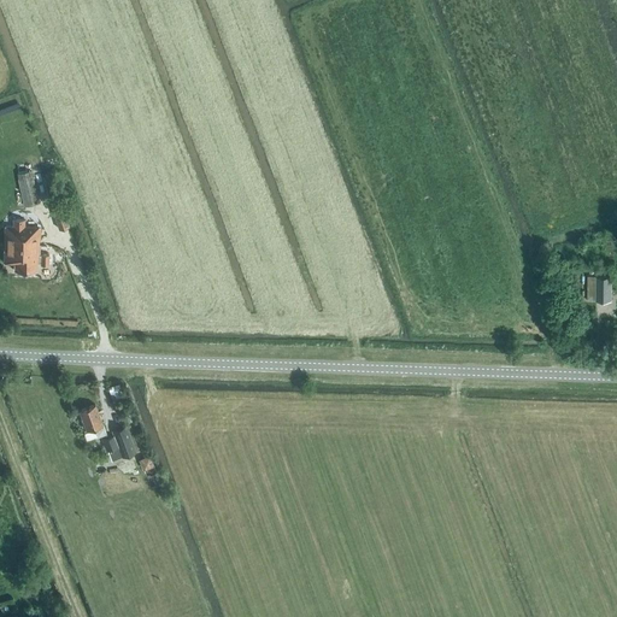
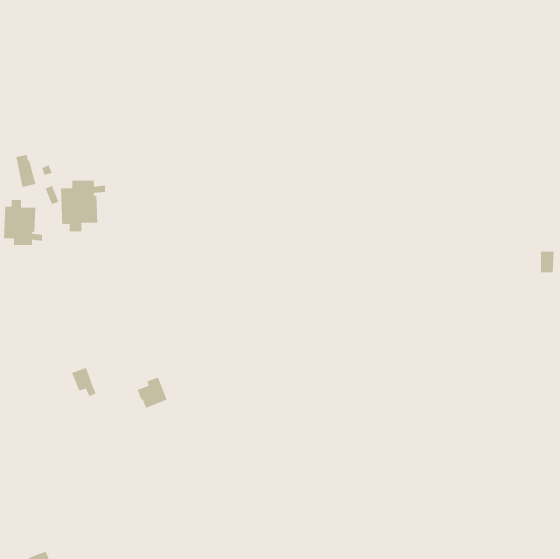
building: none -> [60,180,105,232]
building: [101,427,135,462] -> [137,377,167,409]

